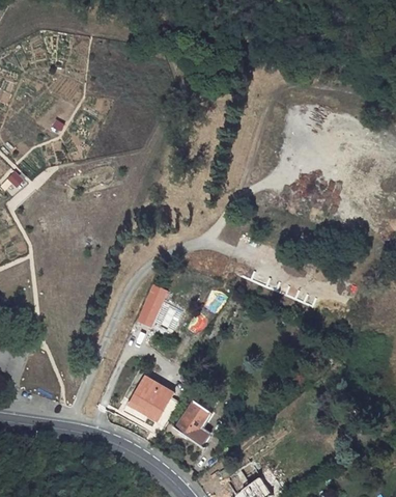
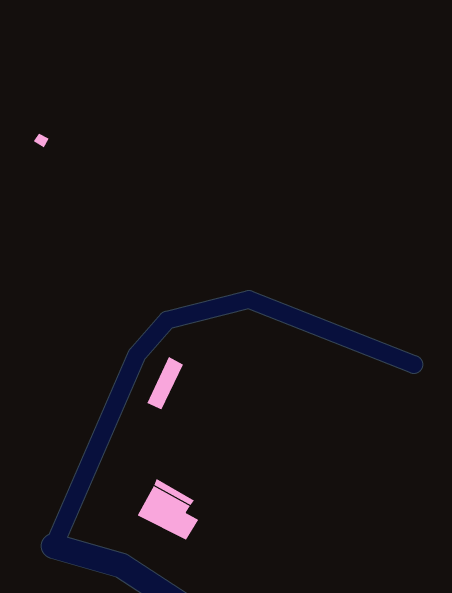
building: [175,401,208,444] -> none

